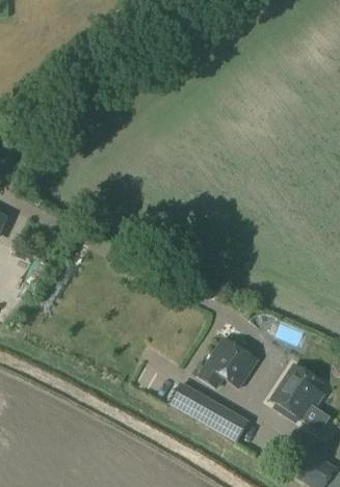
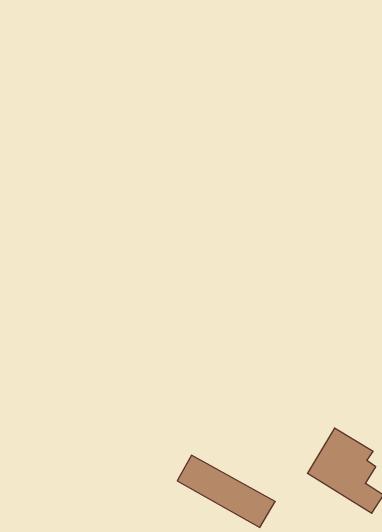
building: [201,337,258,386] -> none

